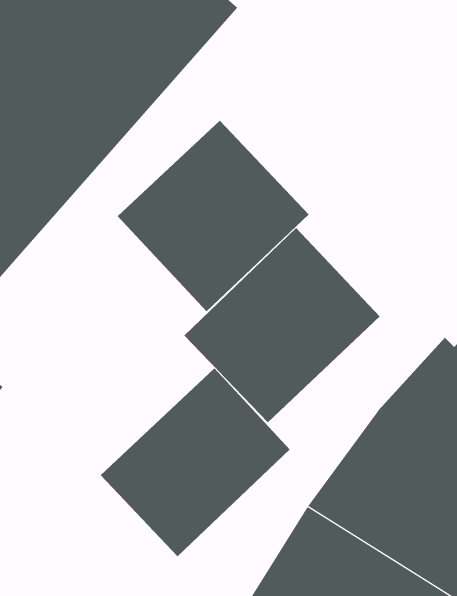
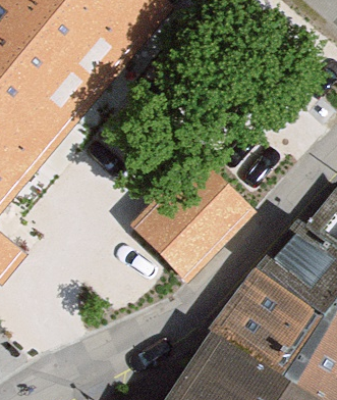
building: [117,120,310,312] -> none
building: [100,368,290,557] -> none

